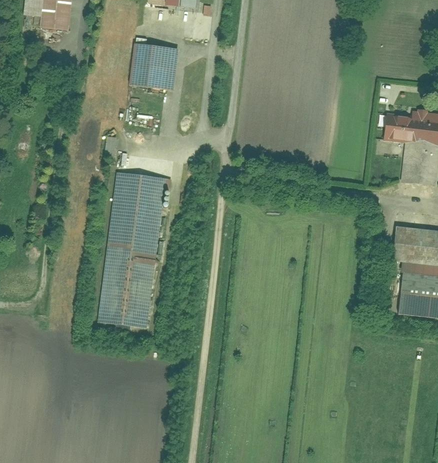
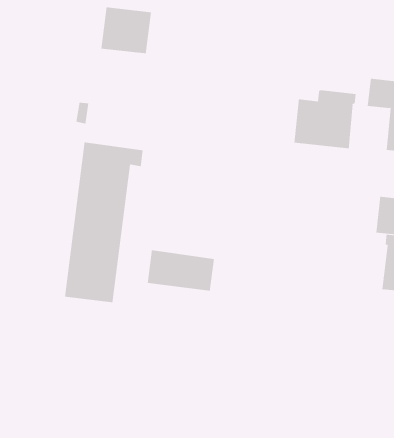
building: none -> [294,90,356,149]
building: none -> [147,249,214,292]

